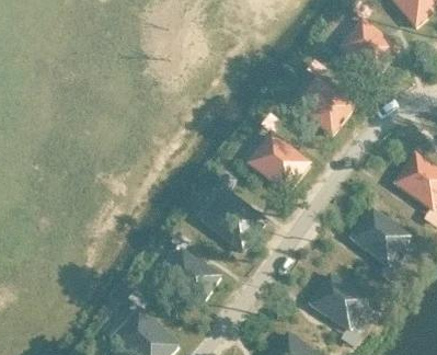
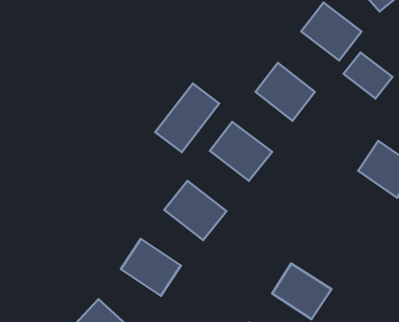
building: none -> [344,52,392,98]
building: none -> [155,84,219,152]
building: [352,207,411,264] -> none

